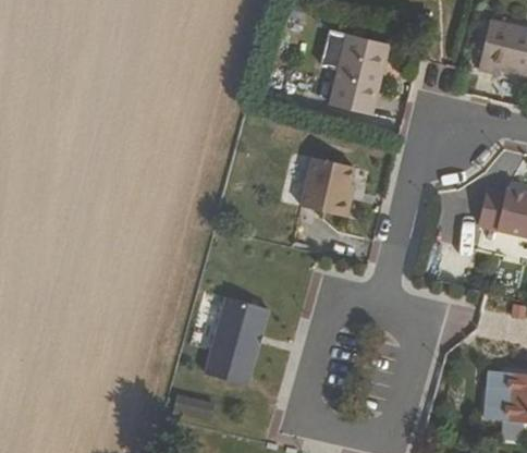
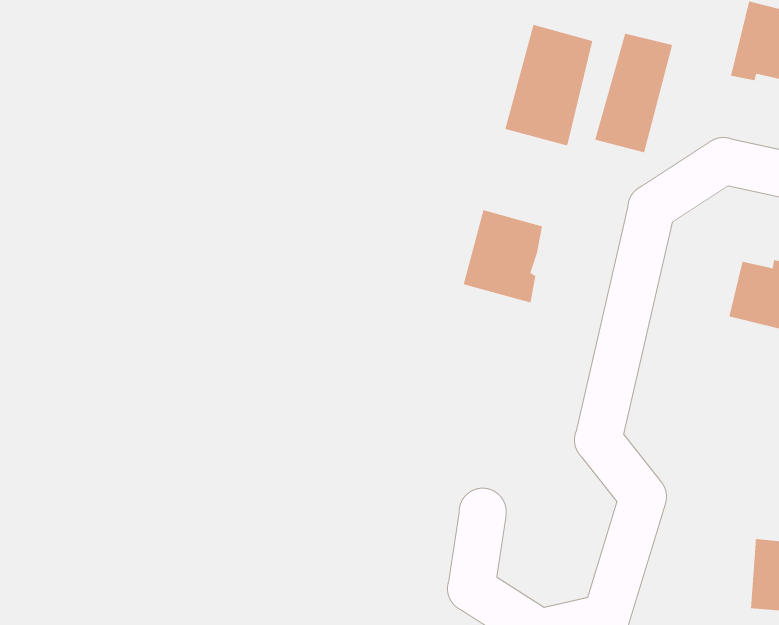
building: none -> [595,33,673,153]
building: [207,297,270,385] -> none

